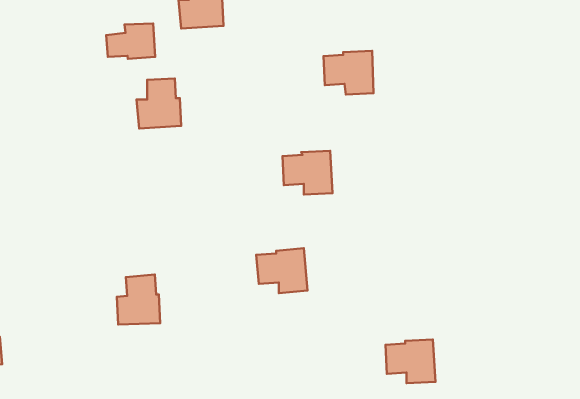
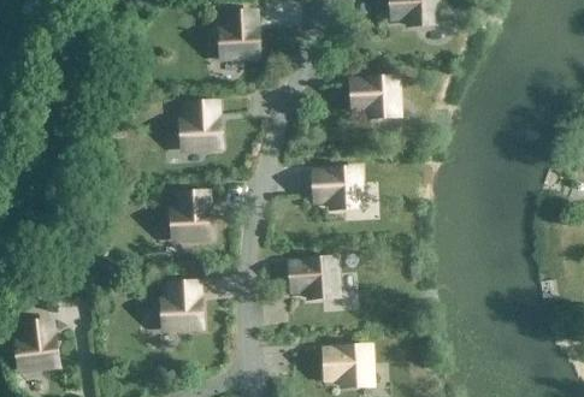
building: [106,23,155,59] -> none
building: none -> [169,192,208,238]
building: [386,340,436,383] -> [322,346,367,386]

